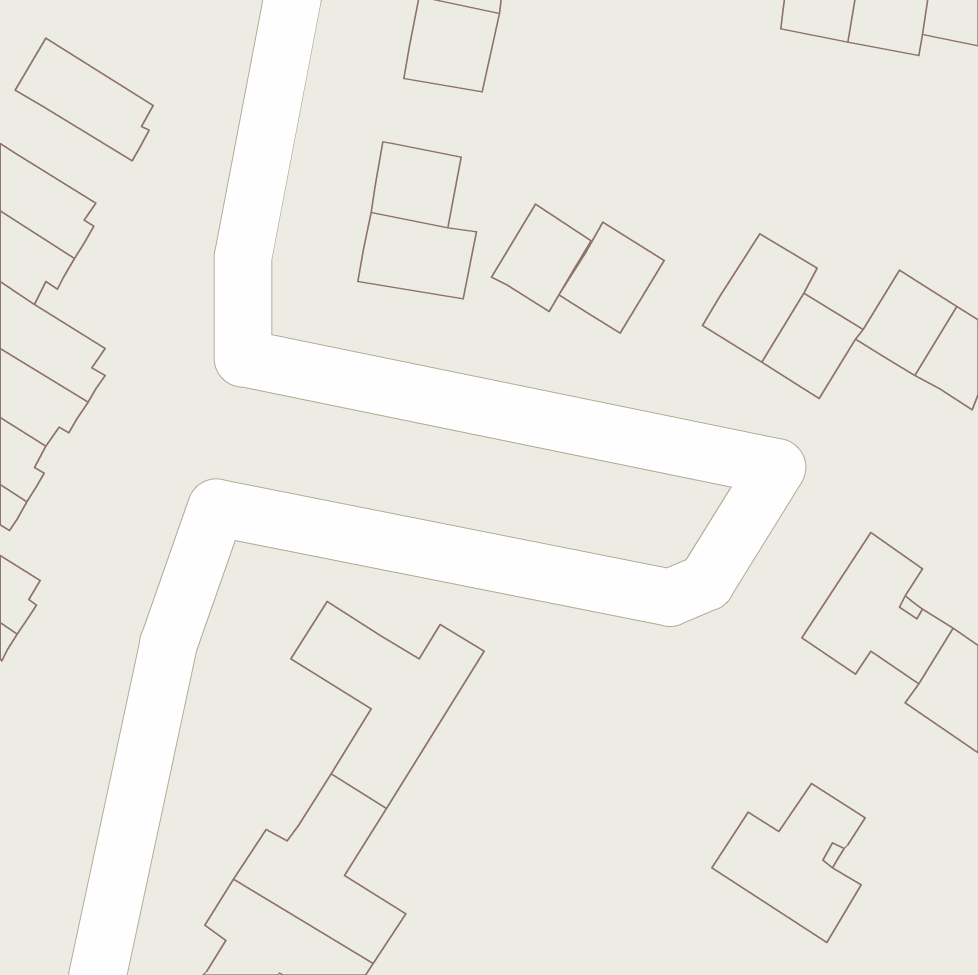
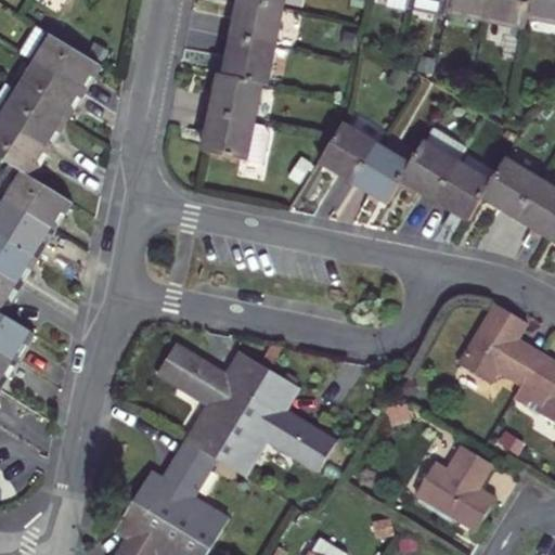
building: none -> [222,44,273,89]
building: none -> [9,61,75,115]
building: [492,204,591,312] -> [351,147,408,208]
building: none -> [219,369,341,475]

